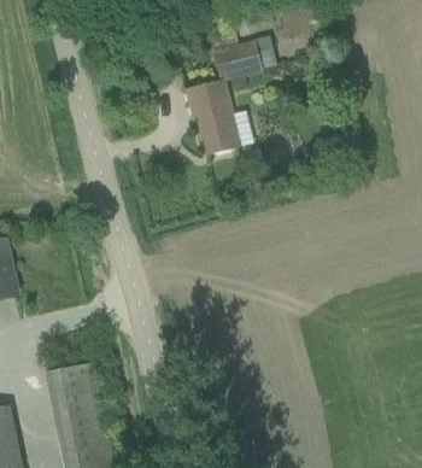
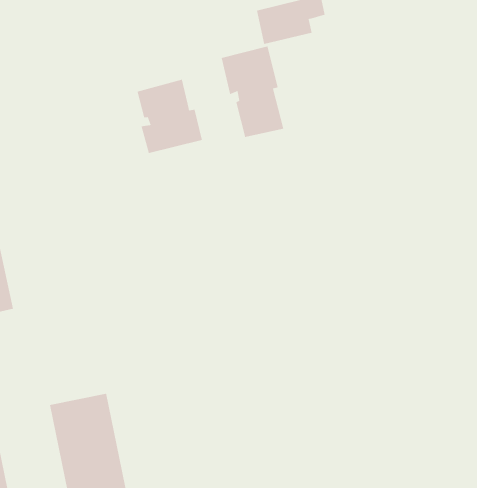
building: none -> [137,79,203,154]

